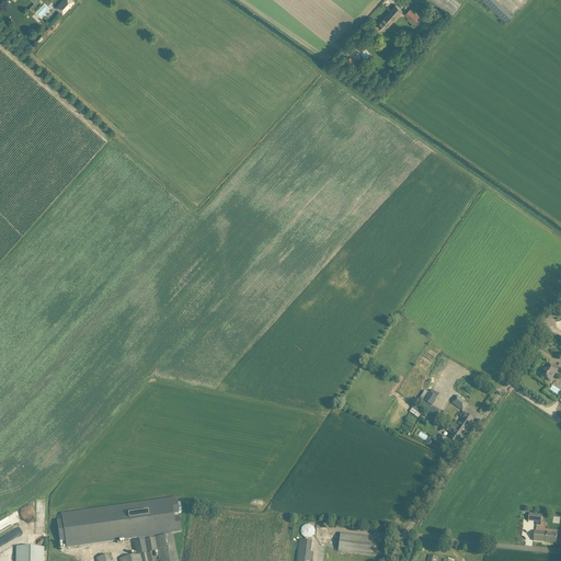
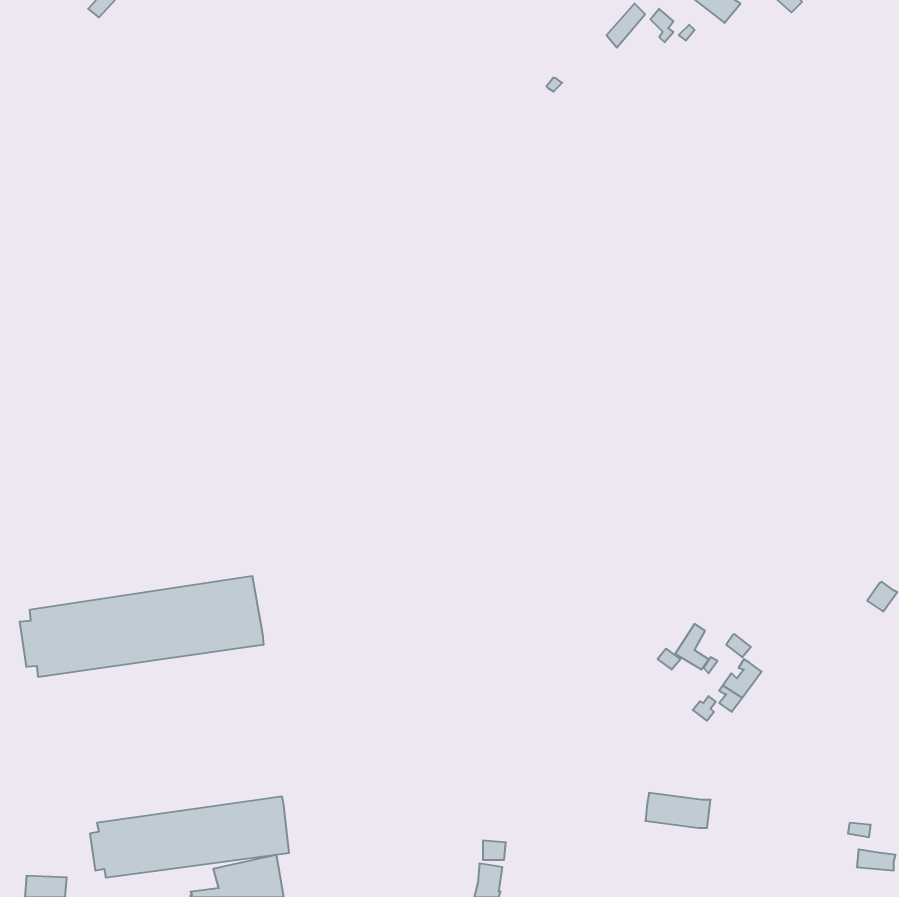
building: none -> [20,576,263,677]
building: [336,531,377,553] -> [645,793,711,828]

